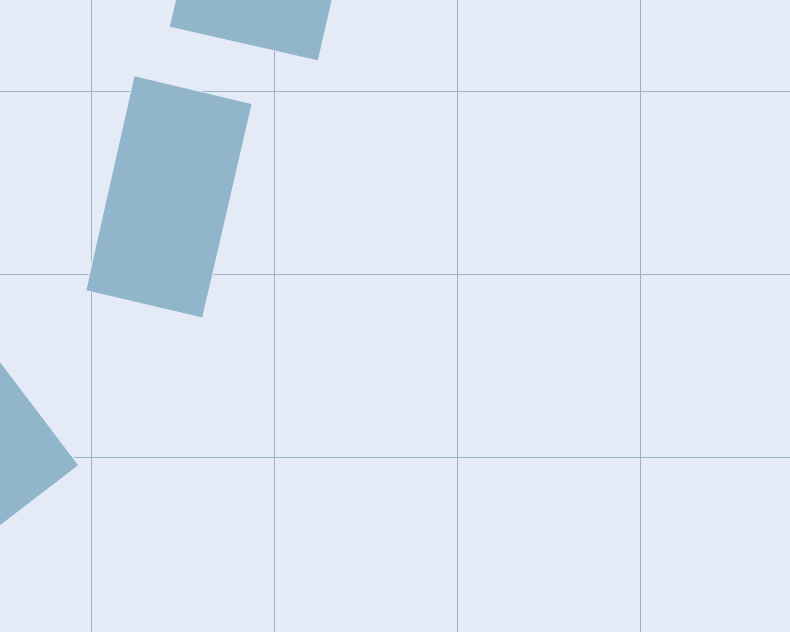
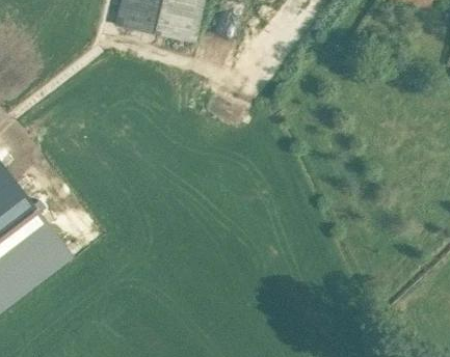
building: [86,76,252,318] -> none

